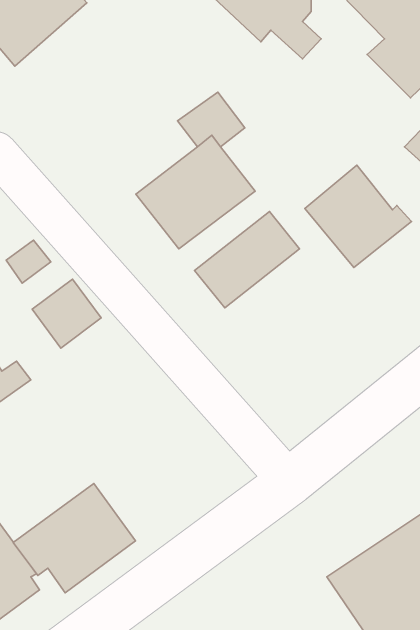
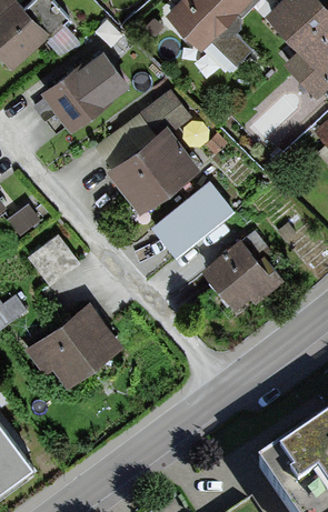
building: none -> [32,43,133,132]
building: [305,165,411,267] -> [201,235,284,314]
building: [13,483,136,593] -> [26,303,120,388]

